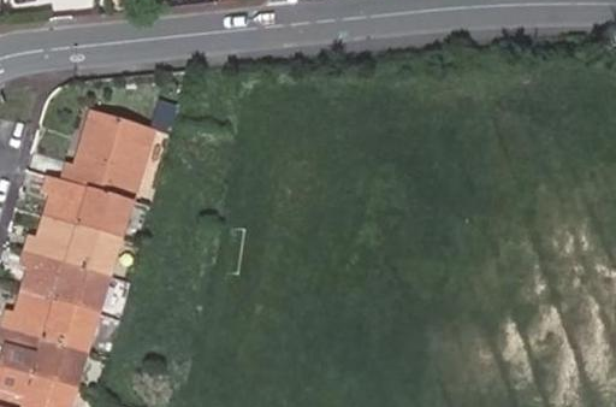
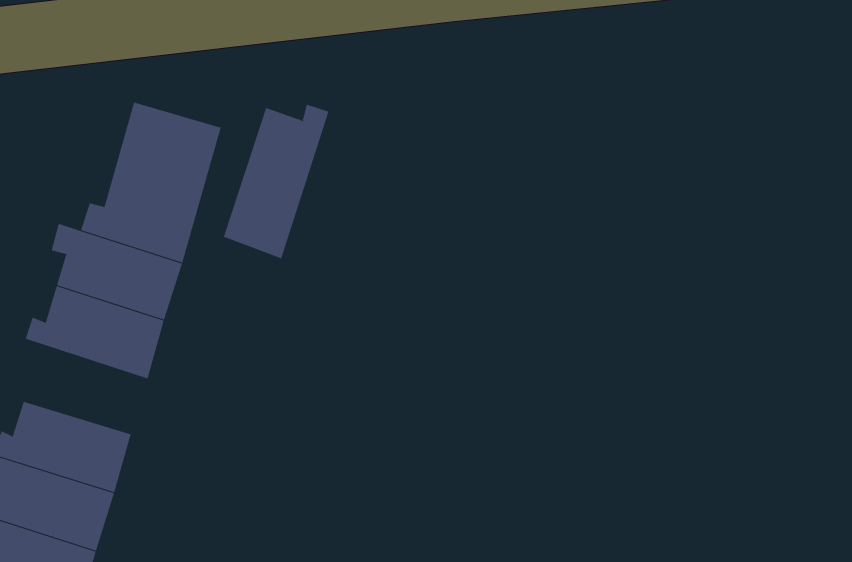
building: none -> [223,104,329,259]
building: [19,253,105,315] -> none

